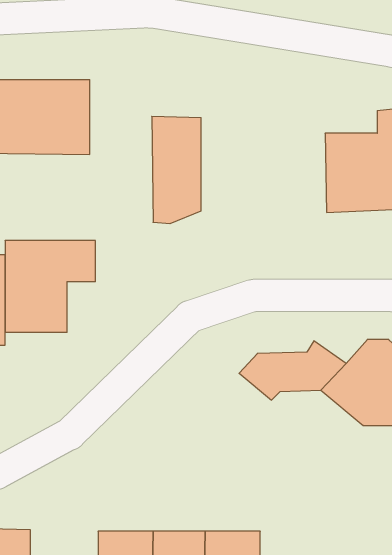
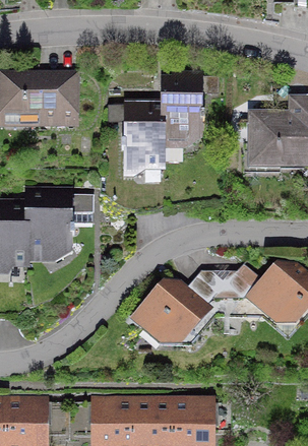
building: none -> [163,82,198,134]
building: none -> [136,280,219,344]

